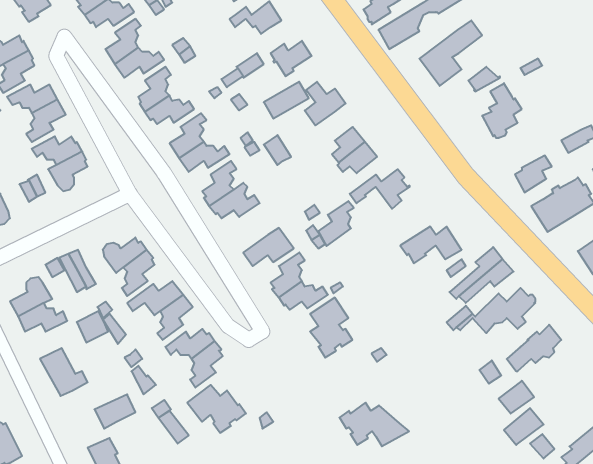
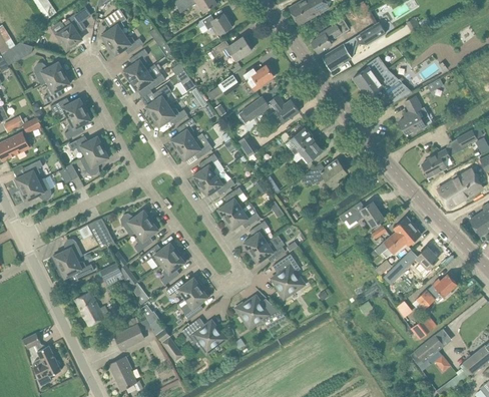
building: [318,201,354,246] -> [217,186,243,220]
building: [339,403,409,446] -> [236,296,288,328]

